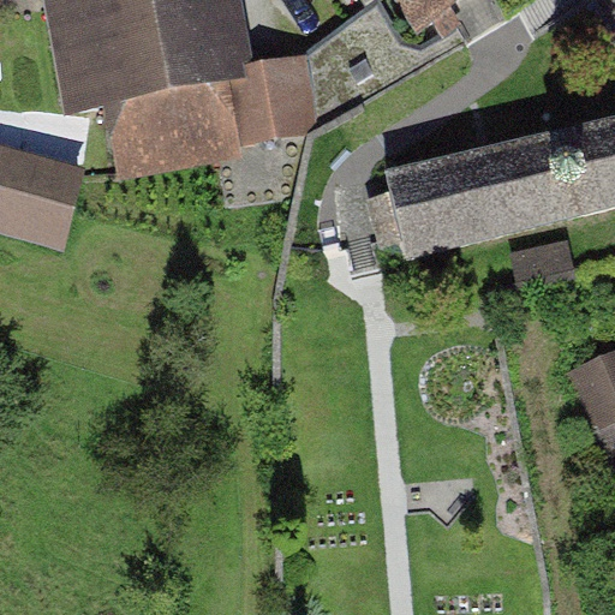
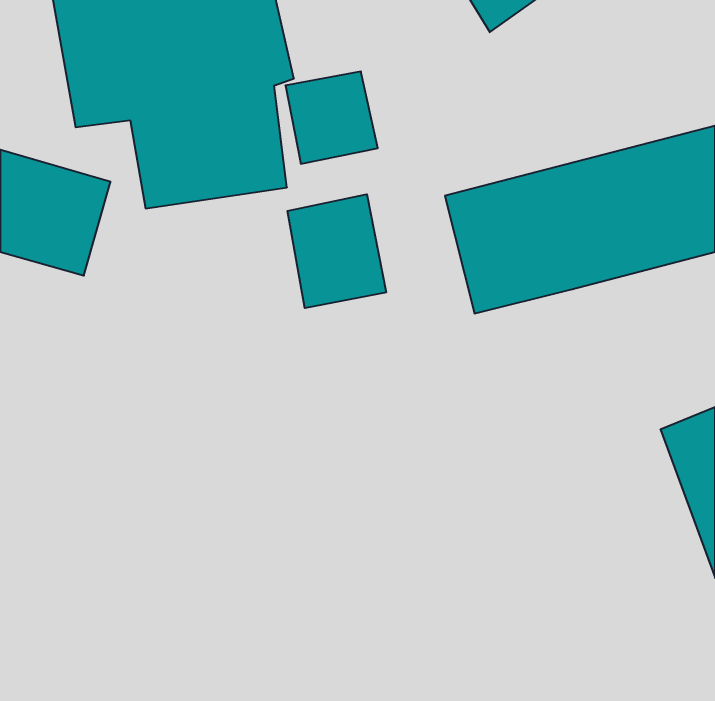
building: none -> [287,194,386,308]

